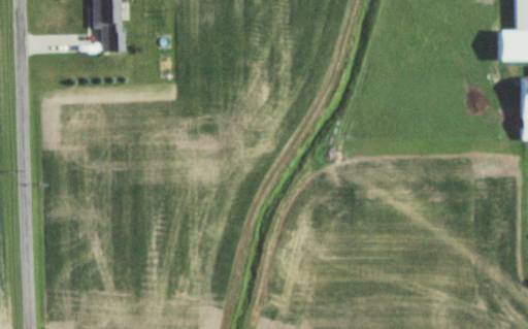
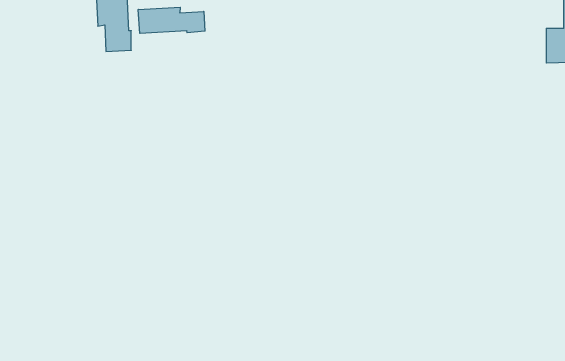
building: none -> [138,7,205,33]

